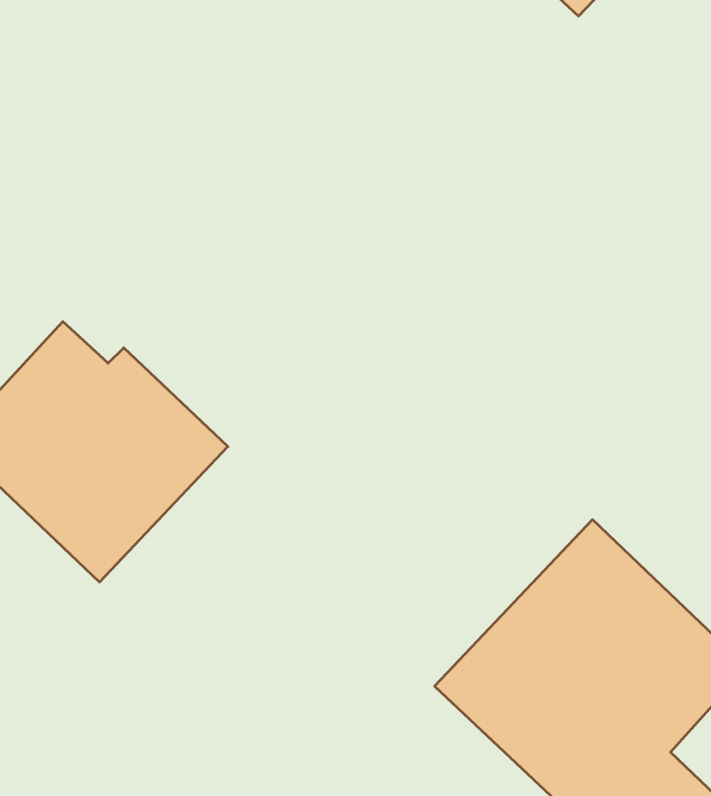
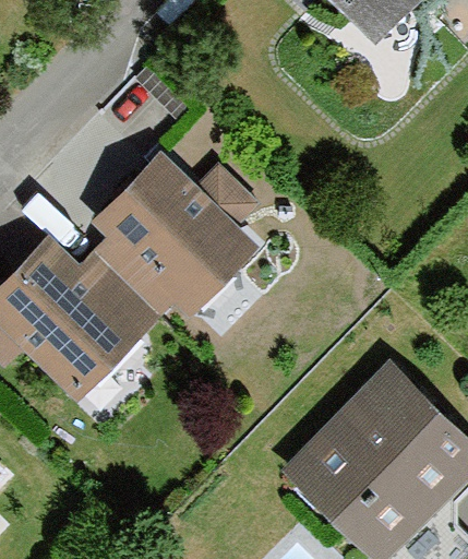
building: none -> [92,155,260,319]

